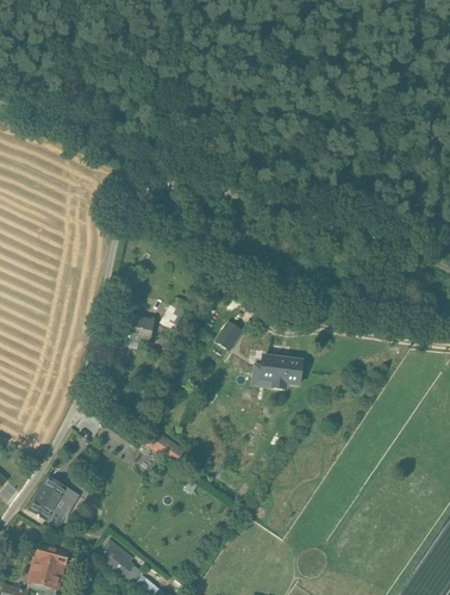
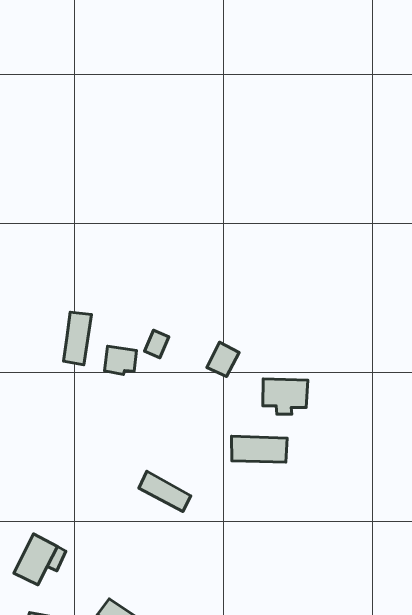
building: none -> [63,312,91,365]
building: none -> [232,436,287,462]

